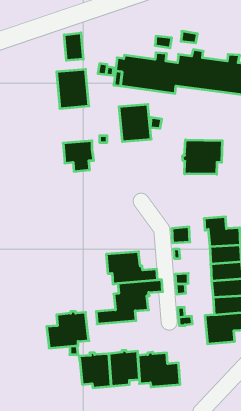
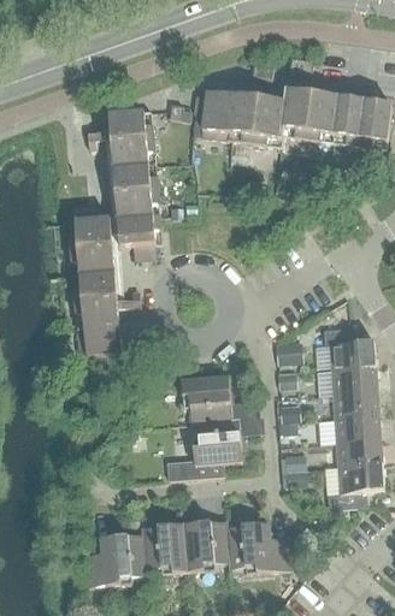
building: [64,33,83,60] -> none
building: [119,104,151,142] -> [112,164,159,218]
building: [183,140,222,174] -> none
building: none -> [67,218,120,367]
building: [47,312,89,348] -> [84,532,146,585]

